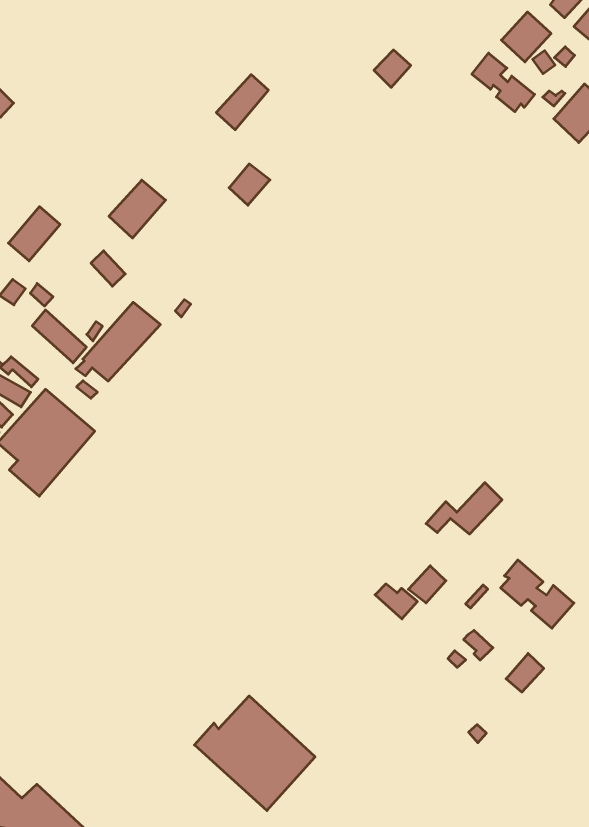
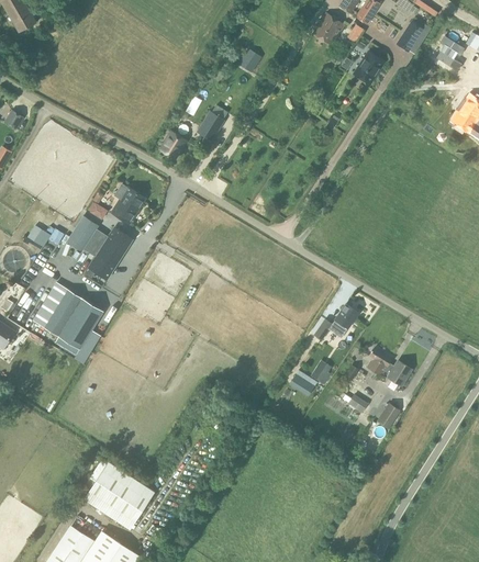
building: [472,53,535,112] -> none
building: [216,75,268,130] -> [199,105,229,140]
building: [109,180,166,238] -> [112,188,145,224]
building: [8,207,60,261] -> [68,217,98,251]
building: [194,696,315,811] -> [79,461,154,529]

